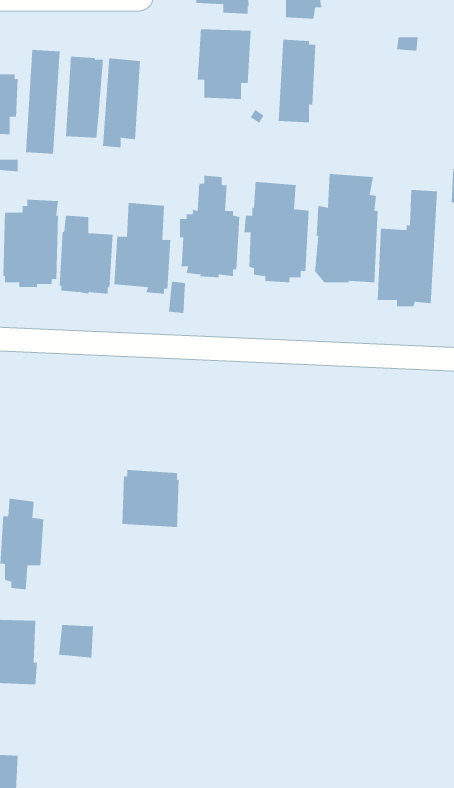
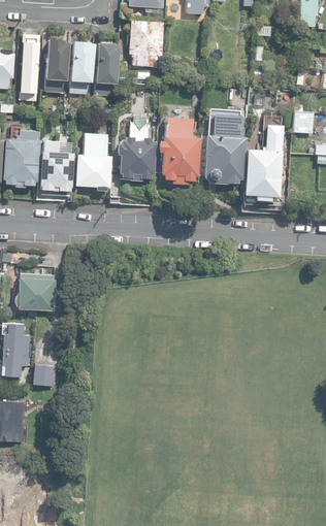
building: [278,39,316,123] -> [94,41,119,95]
building: [122,470,179,527] -> [18,272,55,309]
building: [58,624,94,658] -> [33,364,56,386]

